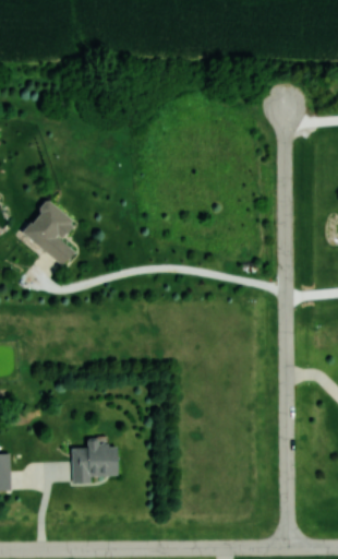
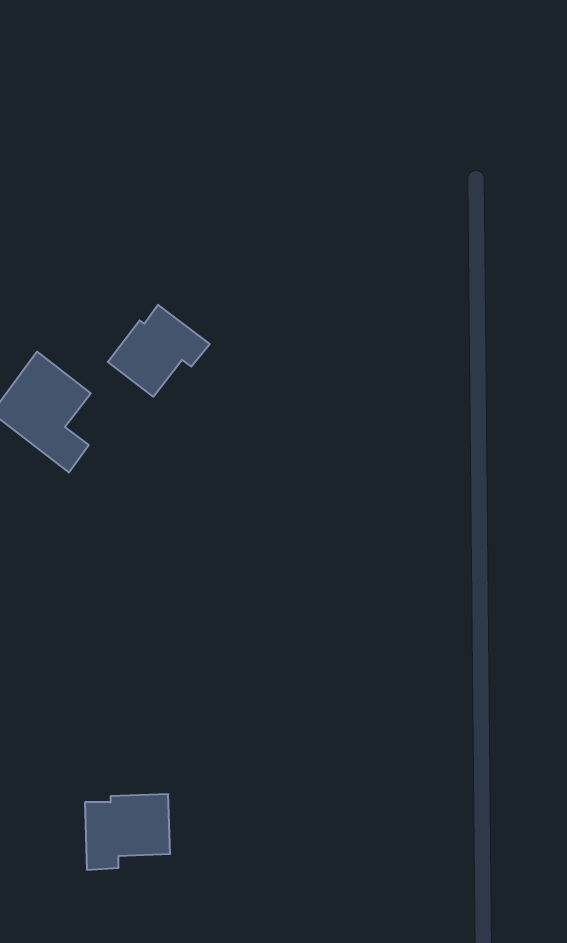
building: none -> [108,305,210,397]

